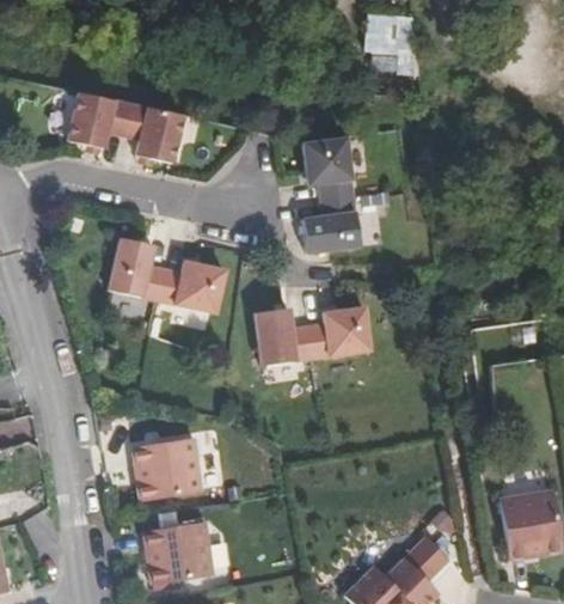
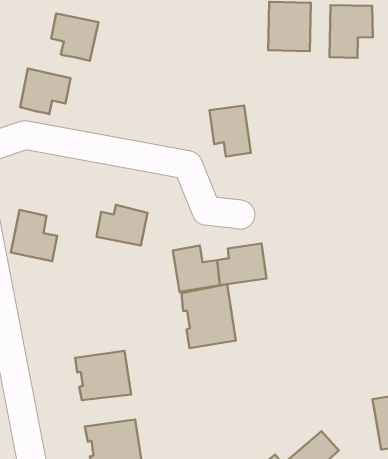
building: none -> [330,5,373,58]
building: [121,103,179,161] -> [51,14,99,61]
building: [300,195,357,252] -> none
building: [108,236,165,299] -> [11,210,57,261]
building: none -> [181,284,236,348]

